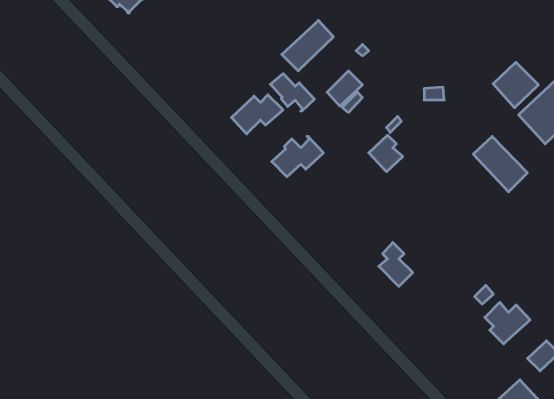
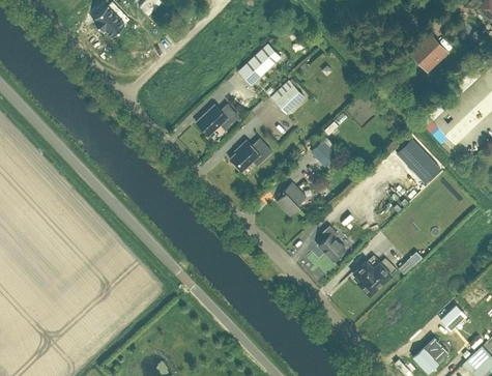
building: [493,62,538,108] -> [409,33,446,70]
building: [270,74,314,111] -> none
building: none -> [278,182,306,215]
building: [485,302,530,344] -> [354,261,392,295]

